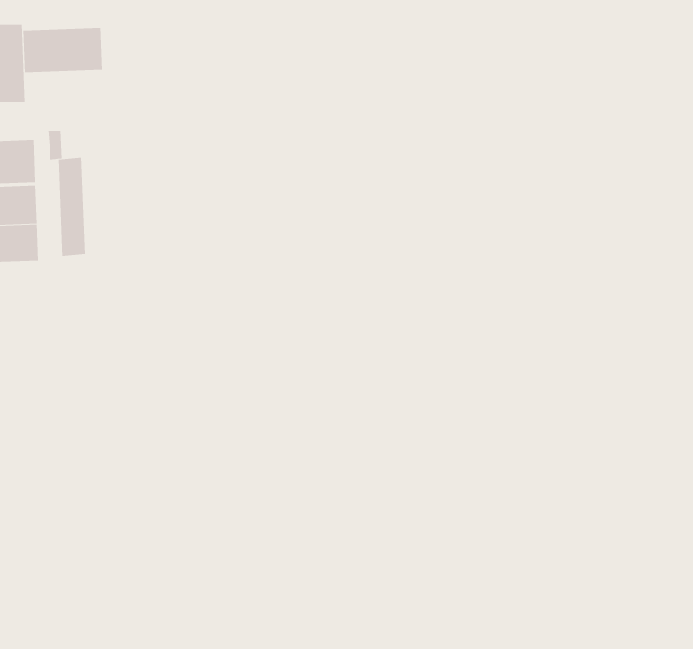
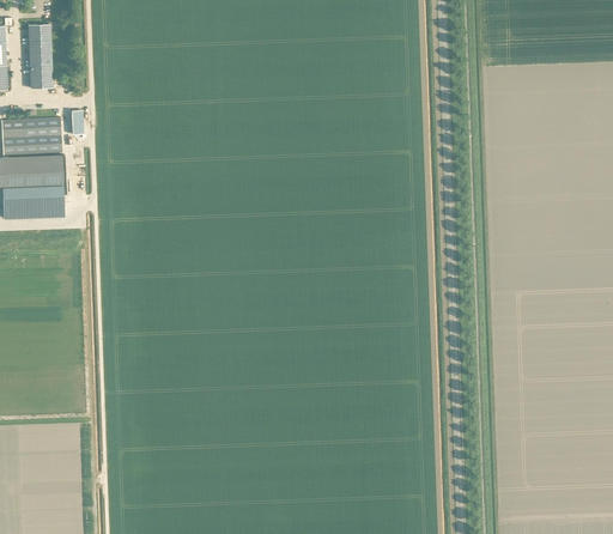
building: [23,27,102,73] -> none
building: [58,157,85,257] -> none

